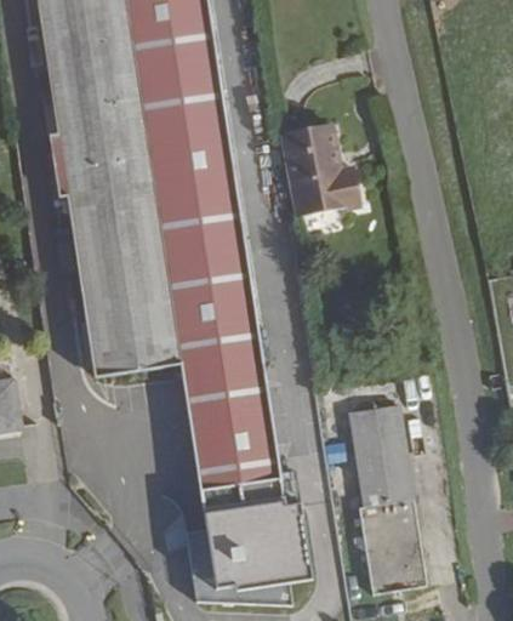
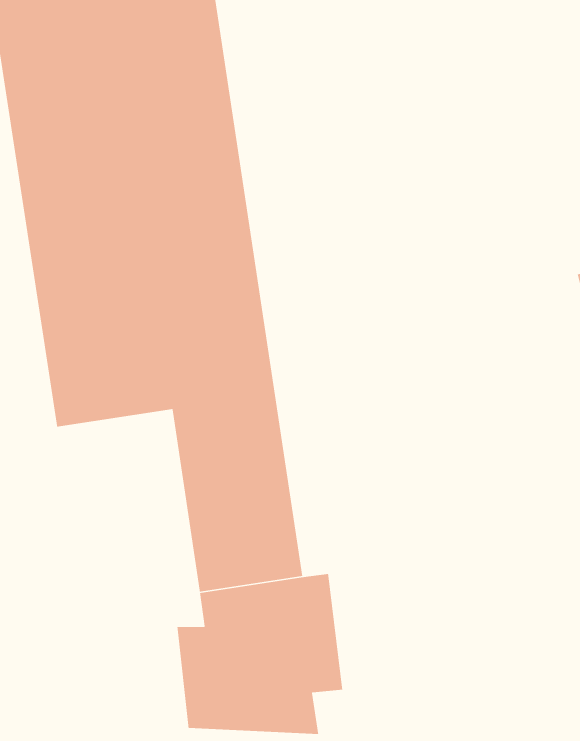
building: [280,123,360,216] -> none
building: [348,404,426,593] -> none

